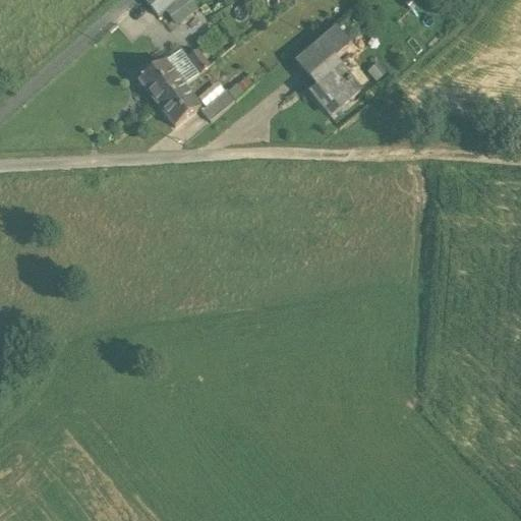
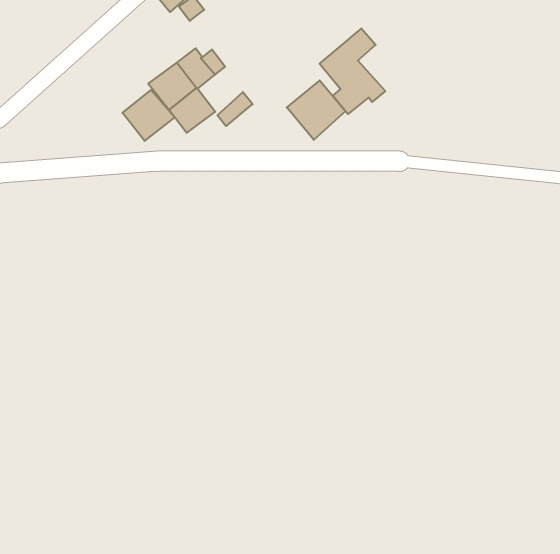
building: none -> [287,80,346,140]
building: none -> [122,90,175,141]

